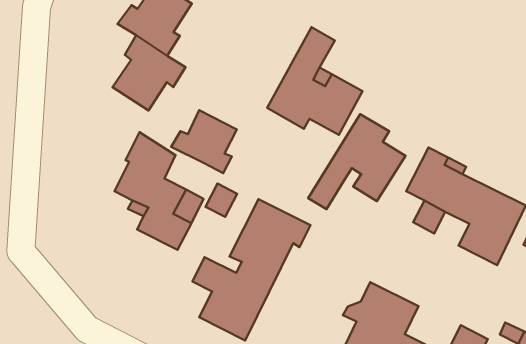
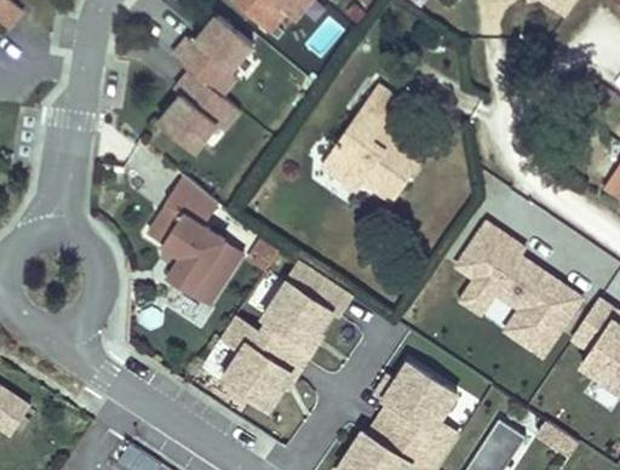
building: [171,110,237,173] -> none
building: [308,114,406,209] -> none

